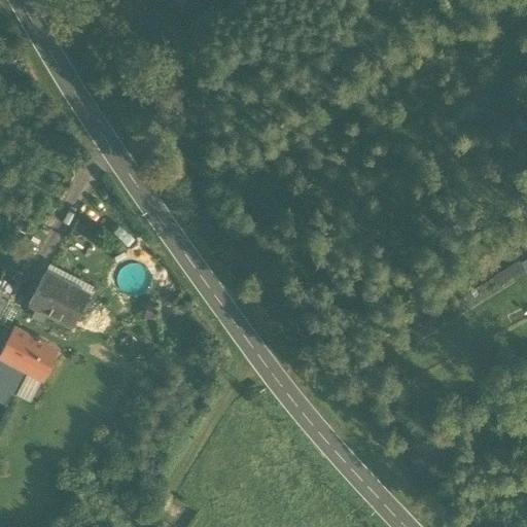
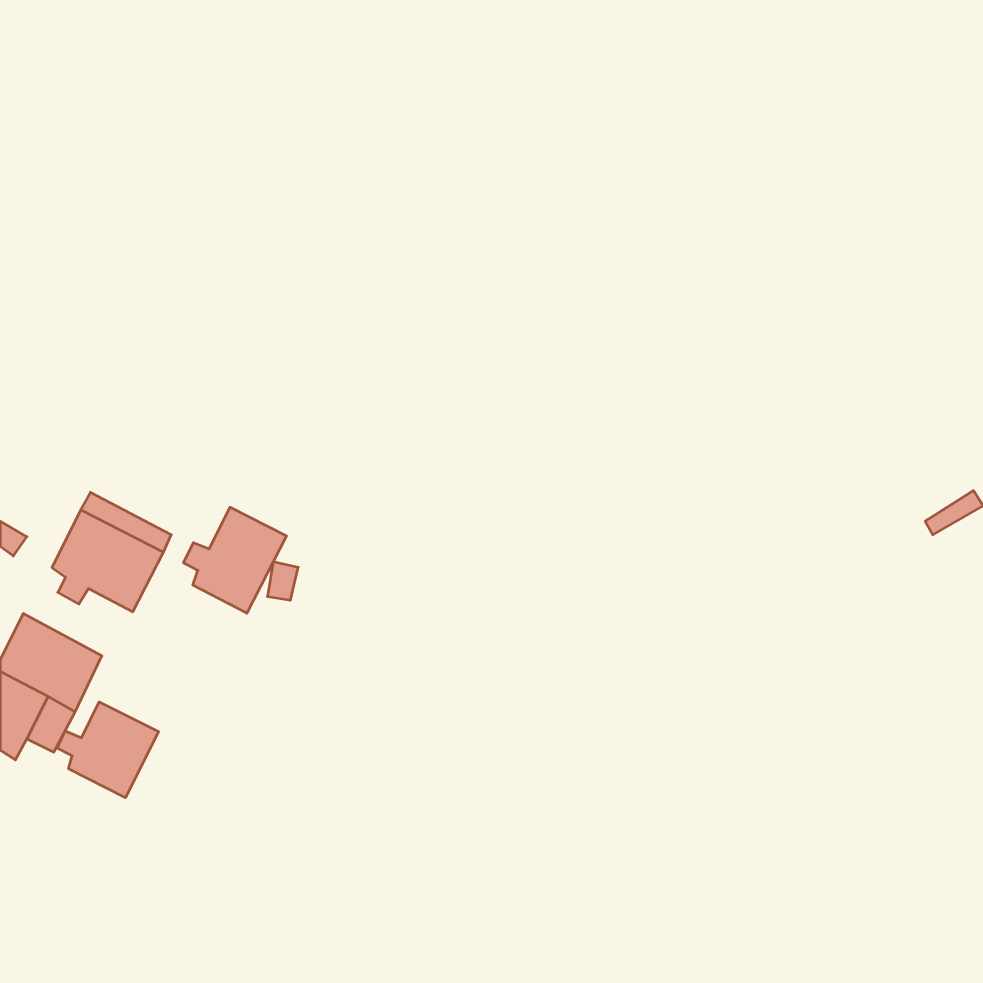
building: none -> [184,507,286,613]
building: none -> [57,702,158,798]

